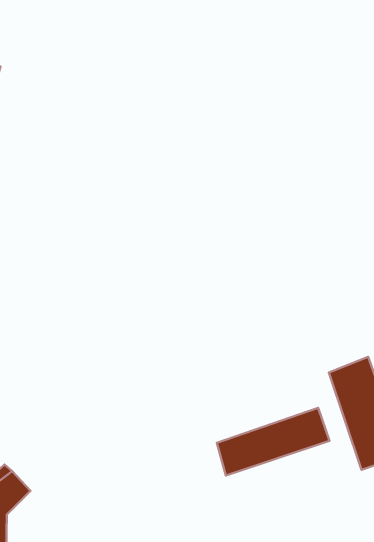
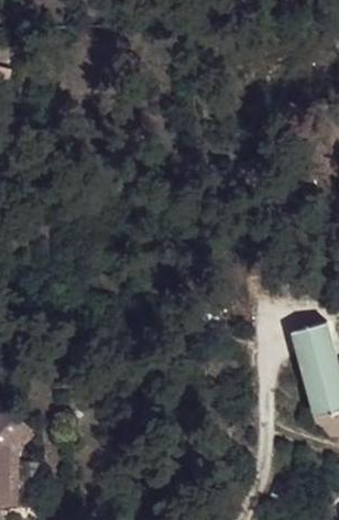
building: [217,408,330,475] -> none

